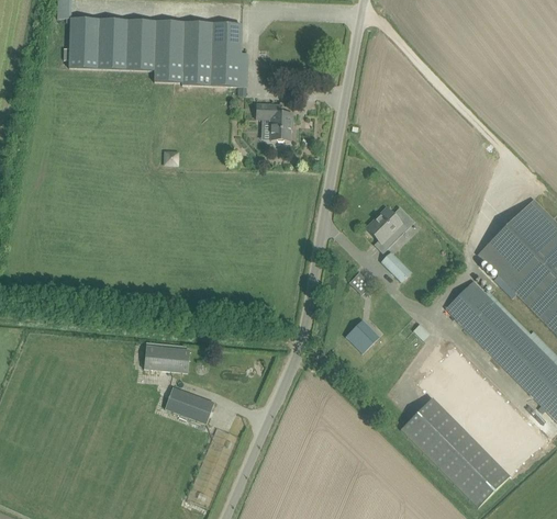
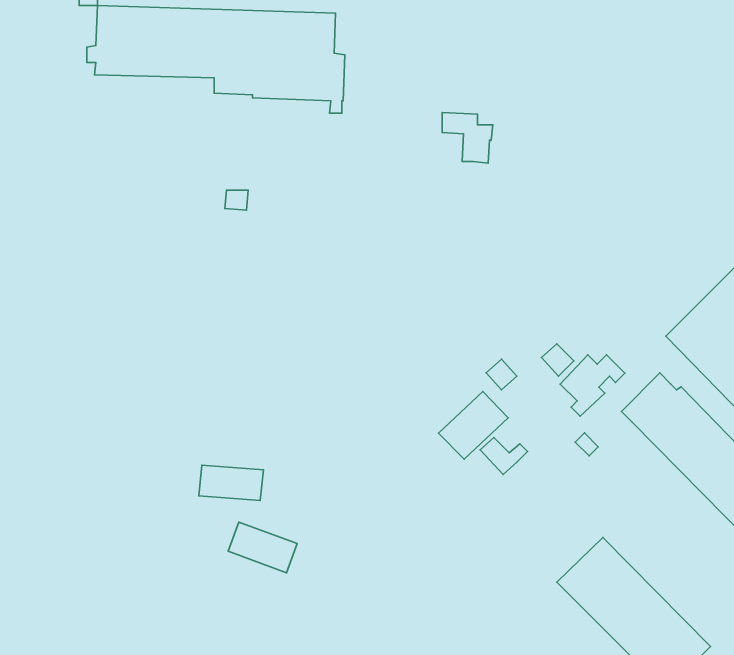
building: [257,103,293,139] -> [442,112,493,163]
building: [367,206,413,250] -> [560,355,625,416]
building: none -> [438,392,508,459]

